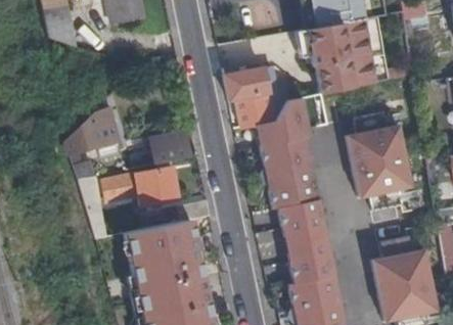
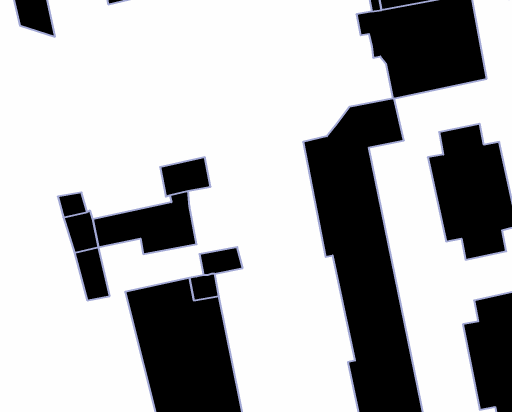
building: [224,67,280,128] -> none
building: [70,110,120,154] -> none

